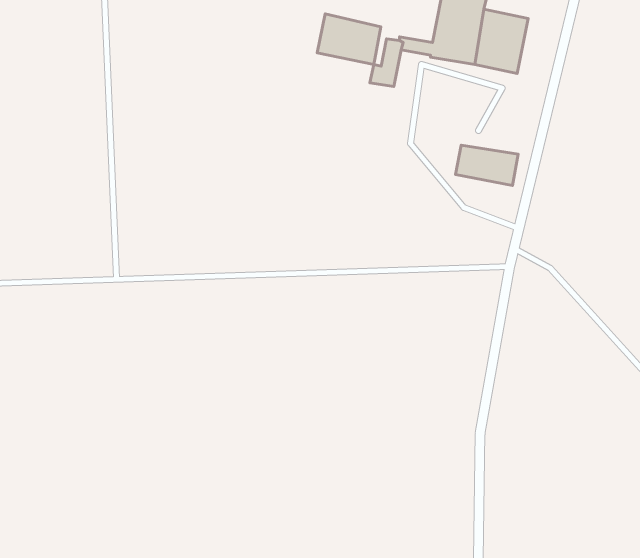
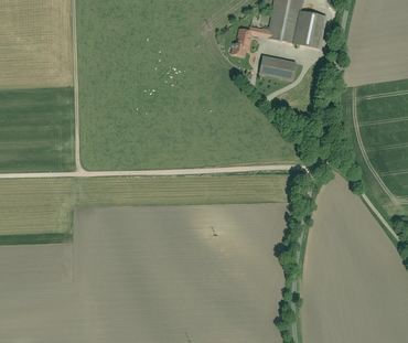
building: [317,14,381,64] -> none
building: [456,145,518,185] -> [258,55,296,79]

